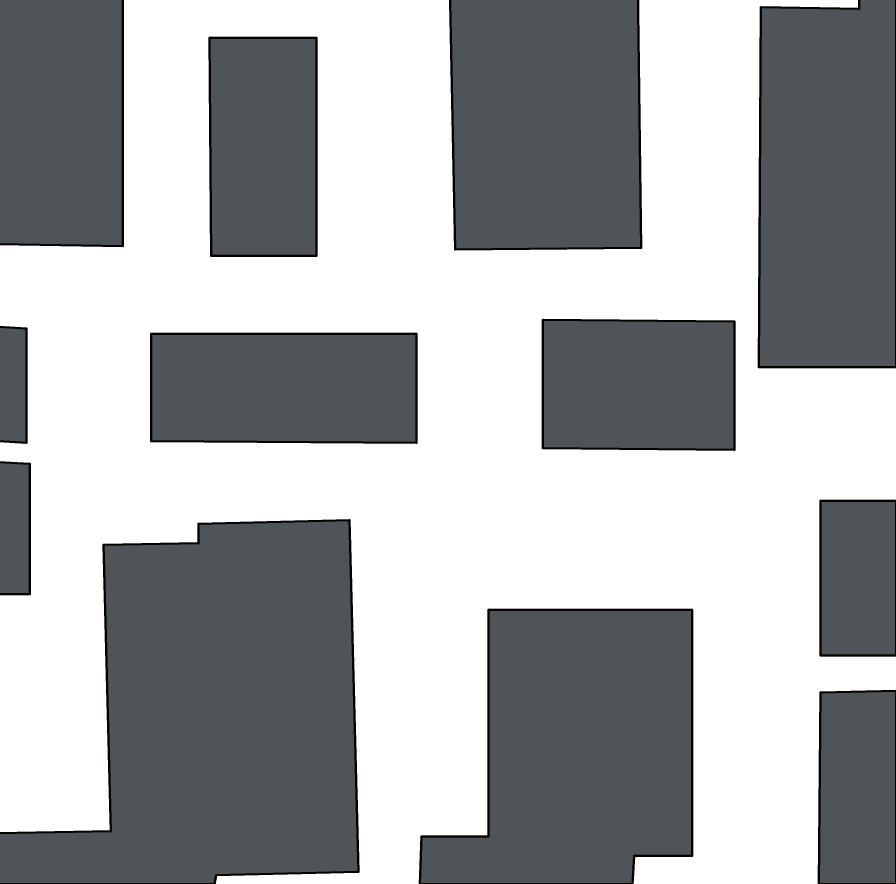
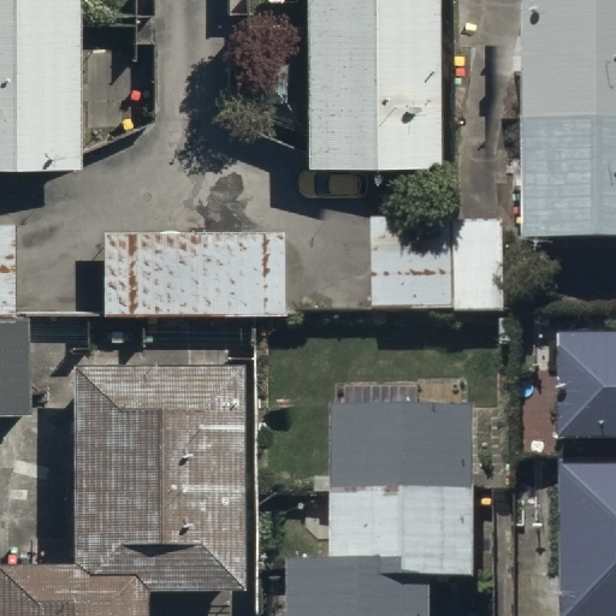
building: [210,38,316,256] -> none

